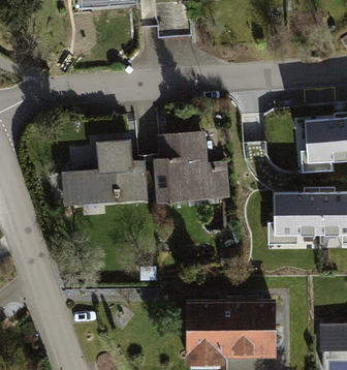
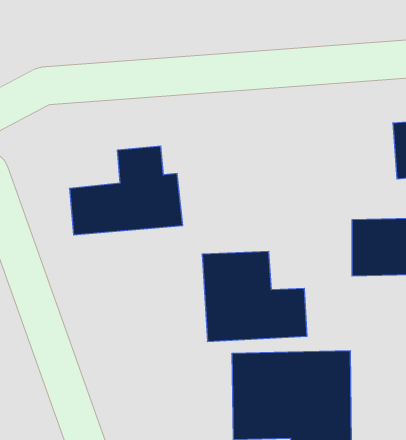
building: [154,135,233,204] -> [202,252,307,342]

